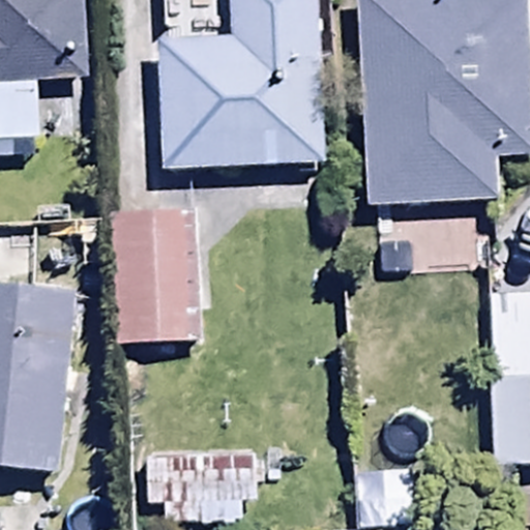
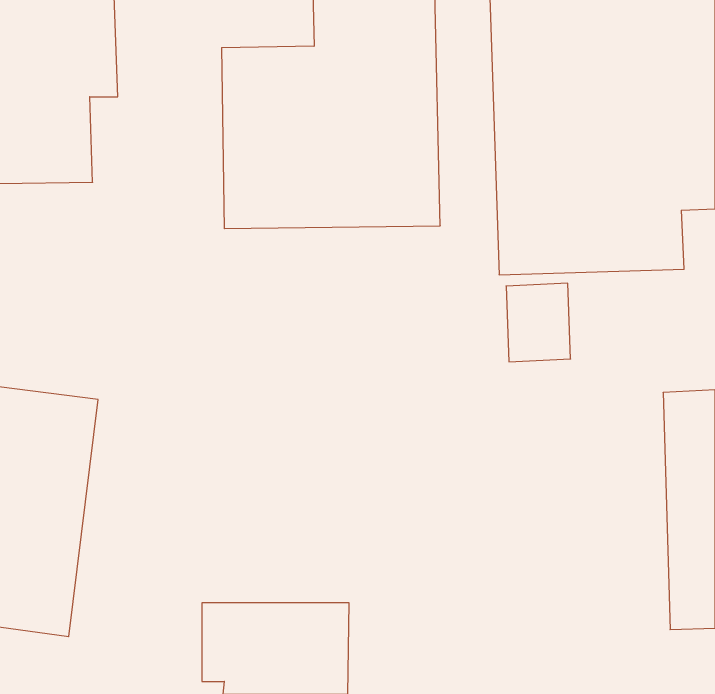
building: [116,210,199,342] -> none

